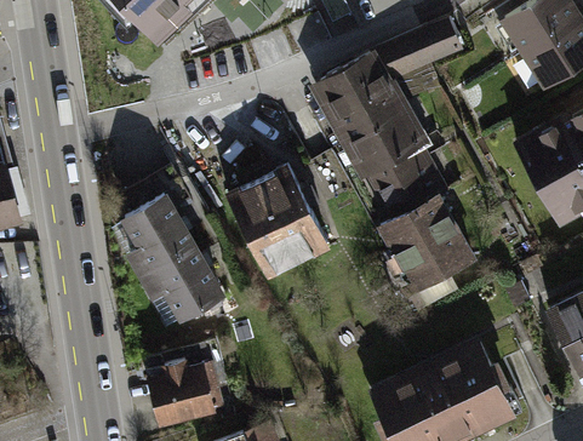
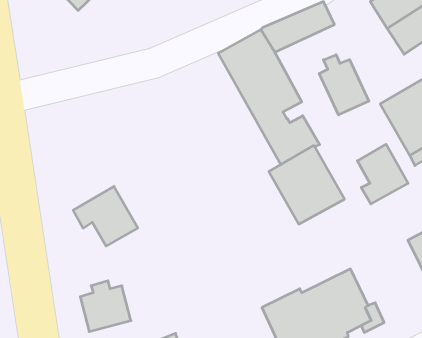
building: none -> [319,55,369,115]
building: [228,167,328,275] -> none
building: none -> [357,144,408,204]
building: [125,196,192,275] -> none

